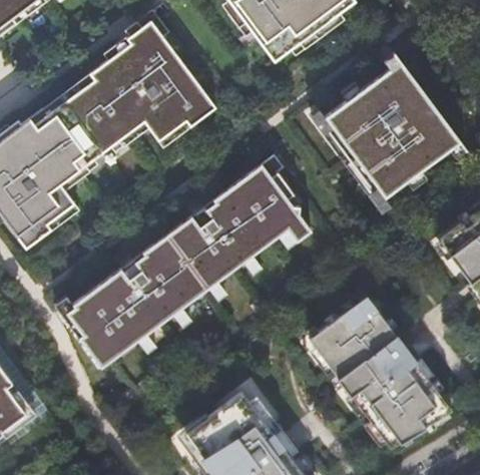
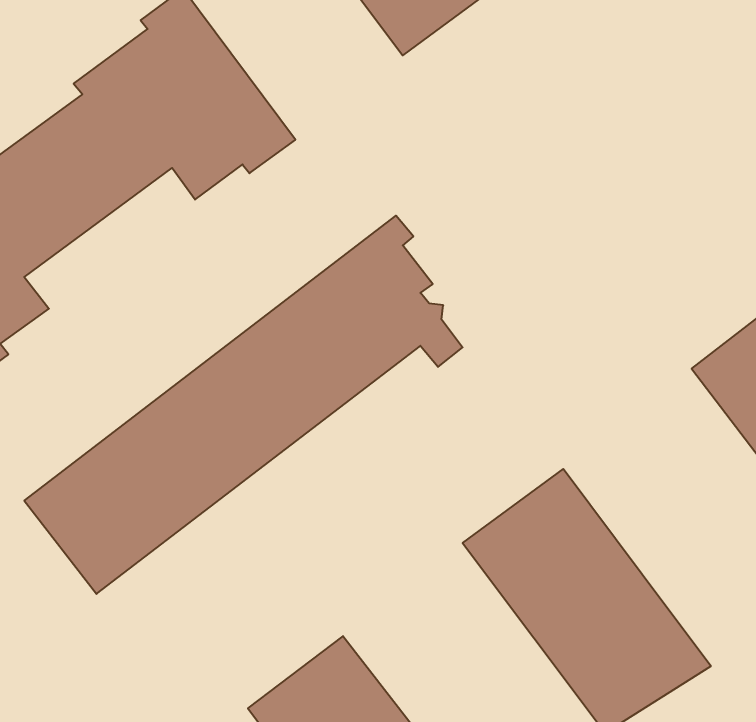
building: [320,57,461,200] -> none

